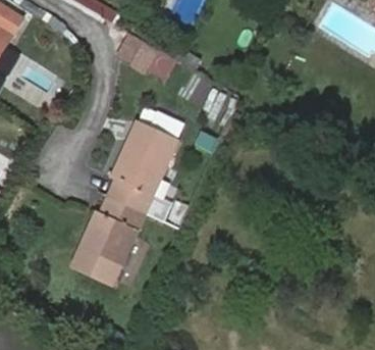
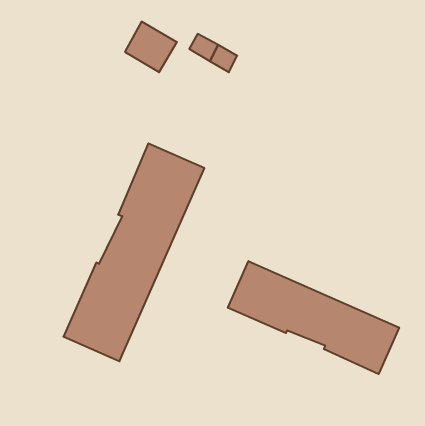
building: none -> [228,261,399,374]

